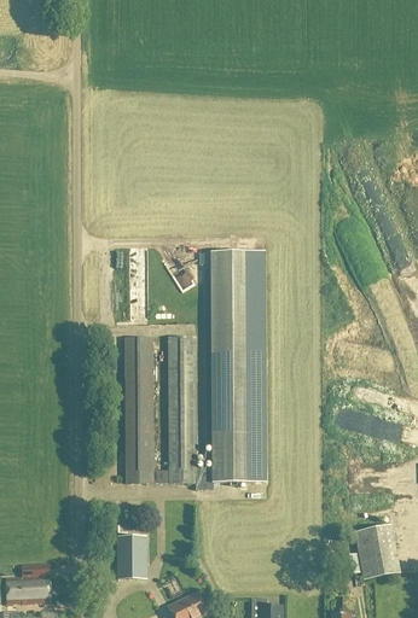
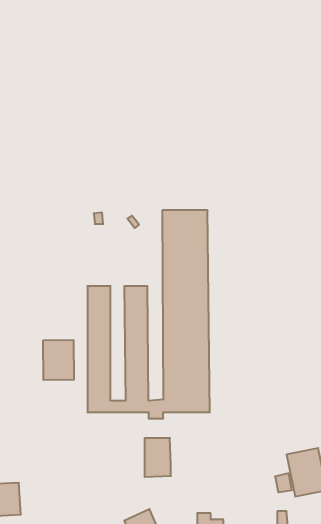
building: none -> [43,340,74,380]
building: [117,535,147,579] -> [145,438,171,477]

